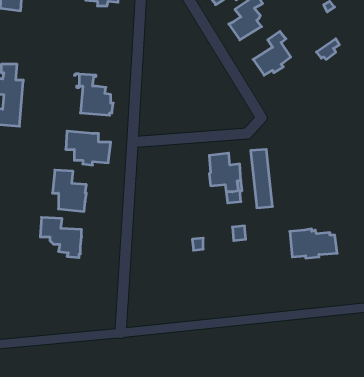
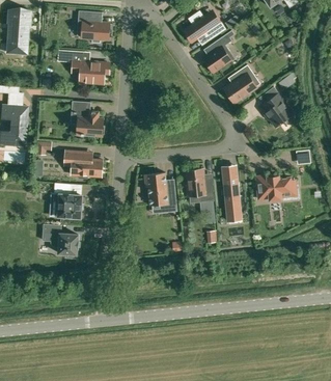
building: none -> [57,50,108,83]
building: none -> [257,86,288,127]
building: none -> [143,172,176,212]
building: [290,229,337,258] -> [255,174,296,199]

